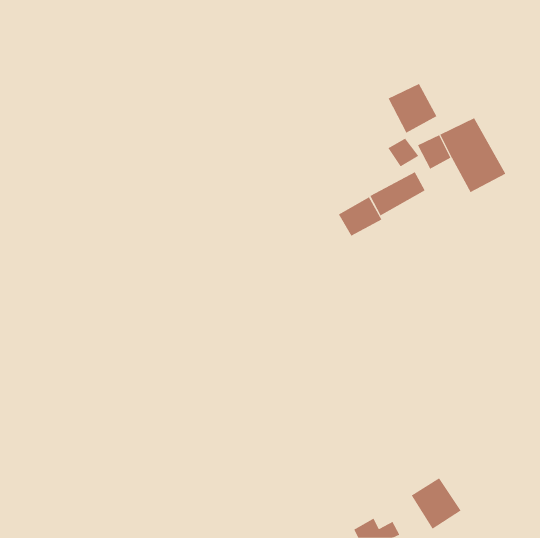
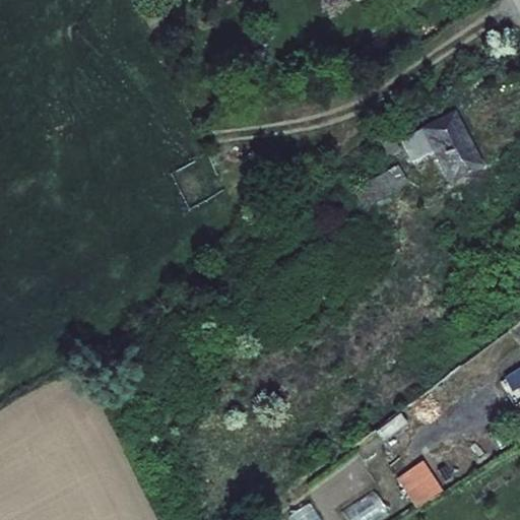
building: [388,83,437,133] -> none
building: [338,196,382,236] -> none

